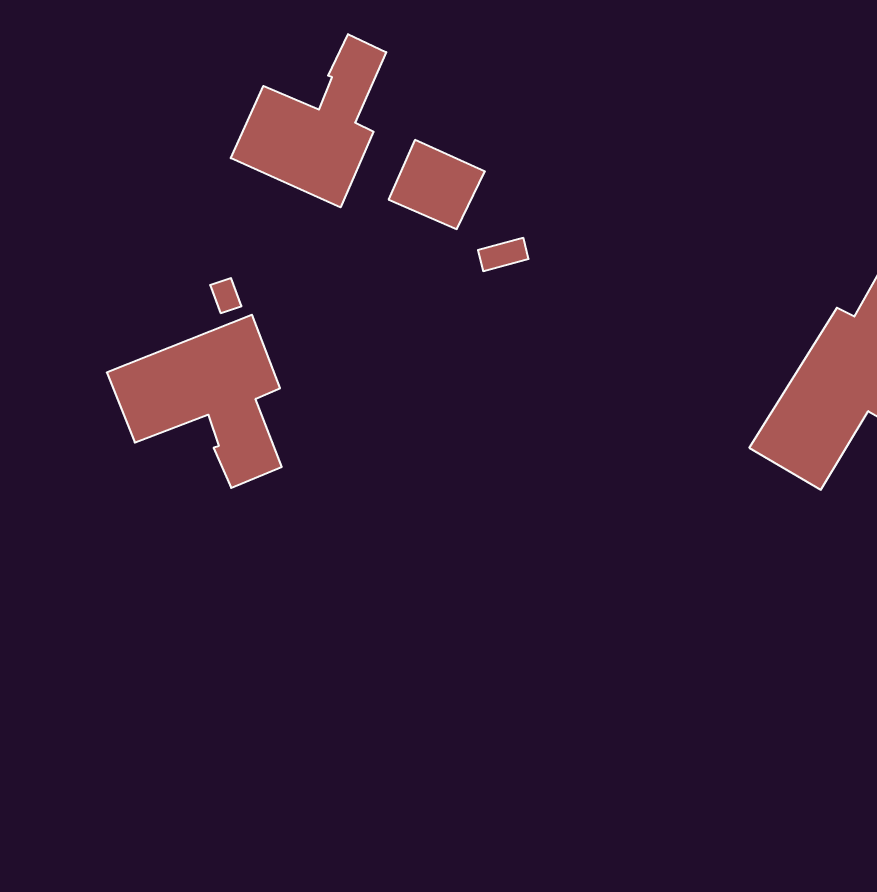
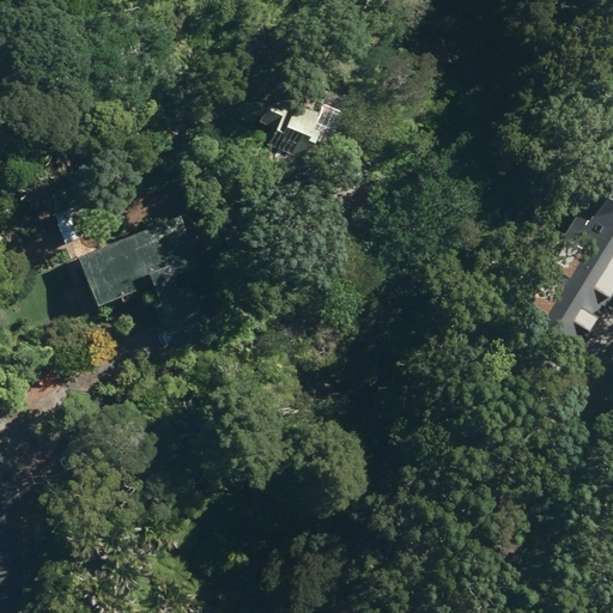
building: [231,34,386,207] -> none

